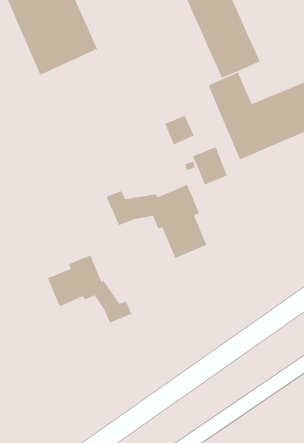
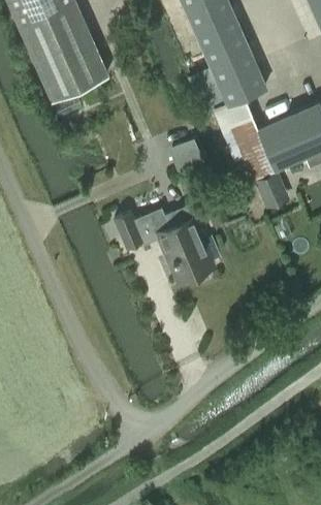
building: [192,146,228,185] -> [254,171,289,210]
building: [47,254,132,324] -> none

